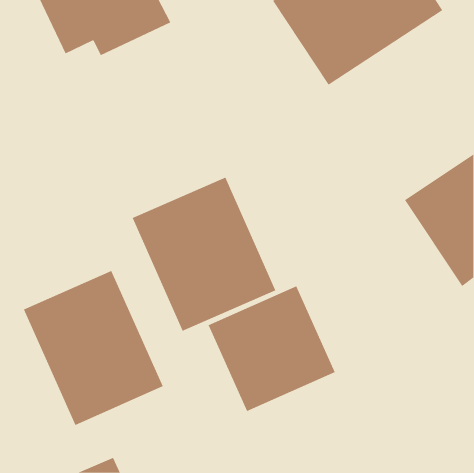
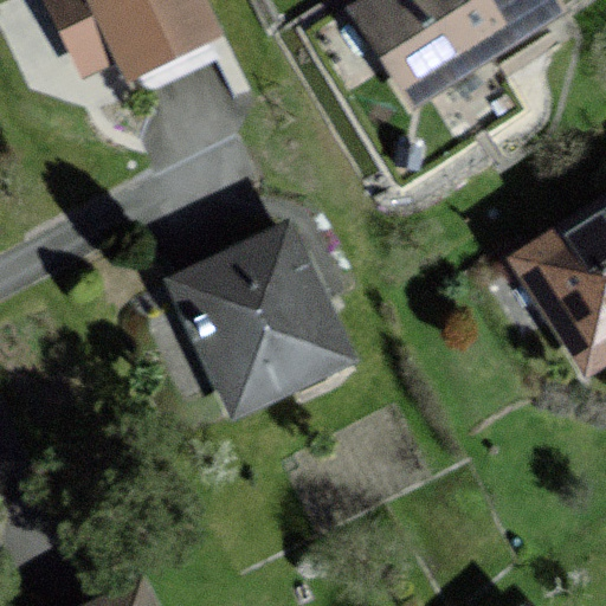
building: [23,270,163,426] -> none
building: [208,286,335,412] -> none

